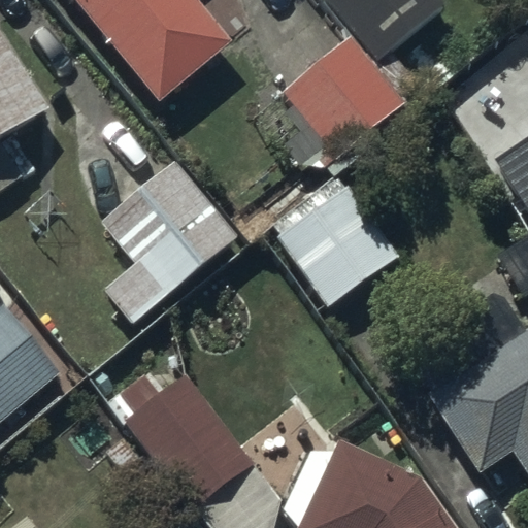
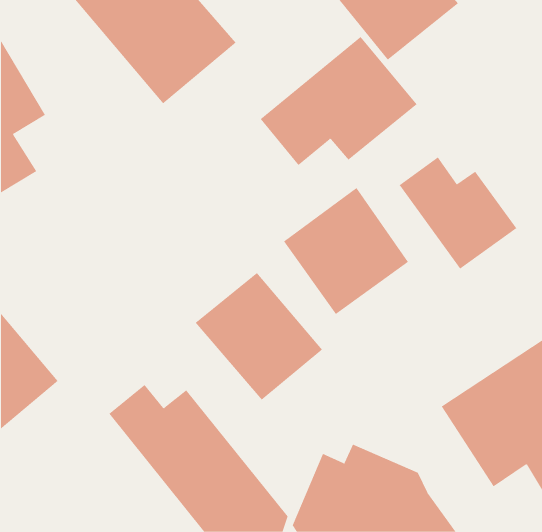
building: none -> [399,157,517,269]
building: [101,159,239,325] -> none
building: none -> [195,272,323,401]

